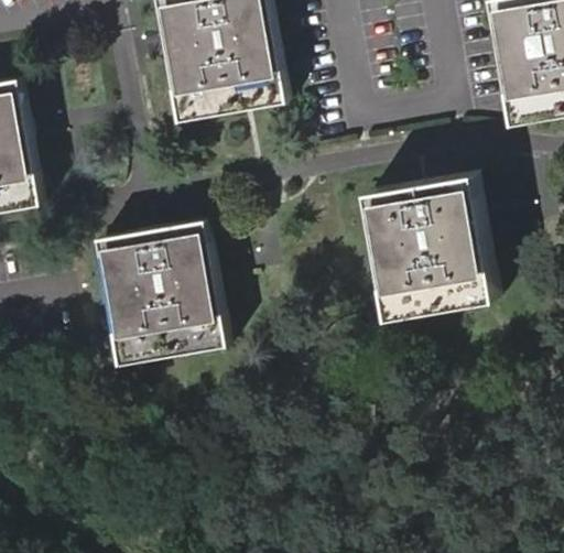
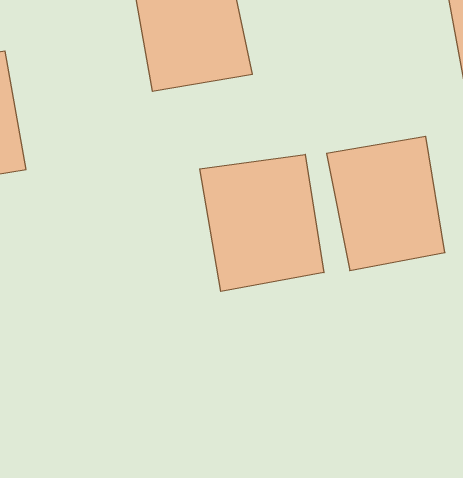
building: none -> [200,154,324,291]
building: [94,220,226,367] -> none

